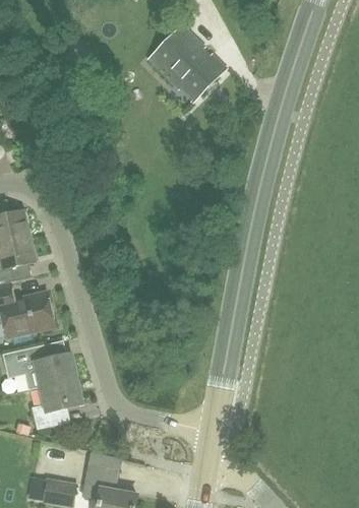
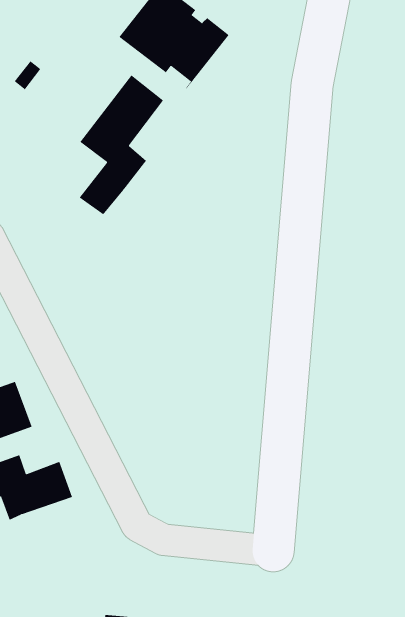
building: none -> [79,74,164,215]
building: [31,378,82,429] -> none

